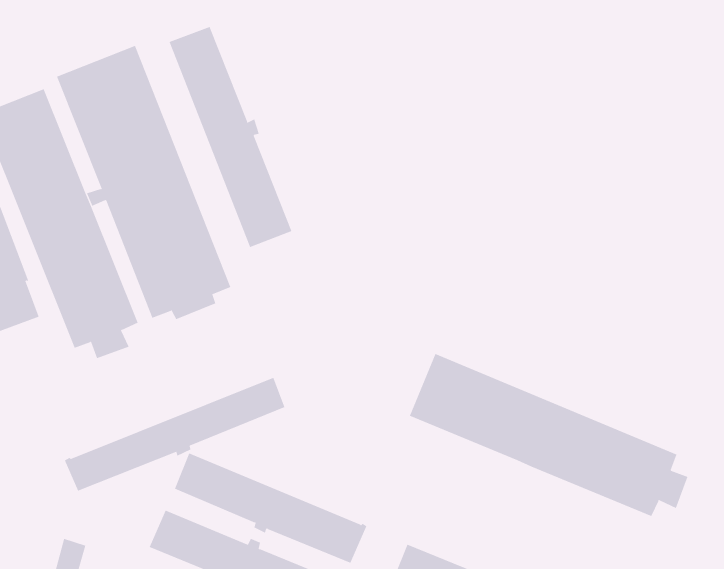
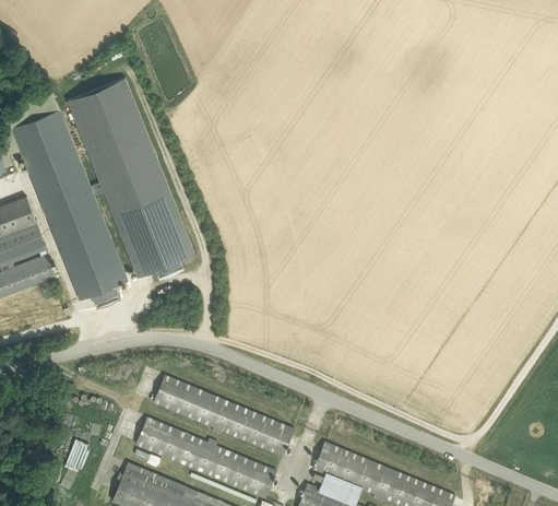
building: [167,26,292,248] -> none
building: [409,353,688,517] -> none
building: [64,376,285,492] -> none

